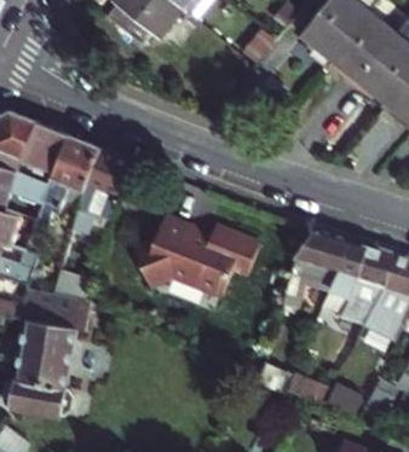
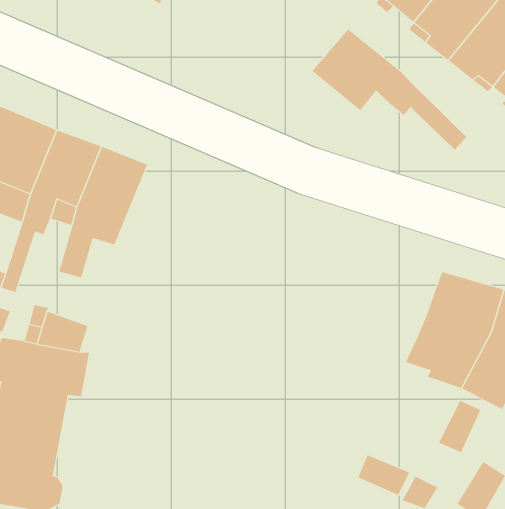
building: none -> [311,29,467,151]
building: [133,216,259,296] -> none
building: [289,230,348,284] -> none

